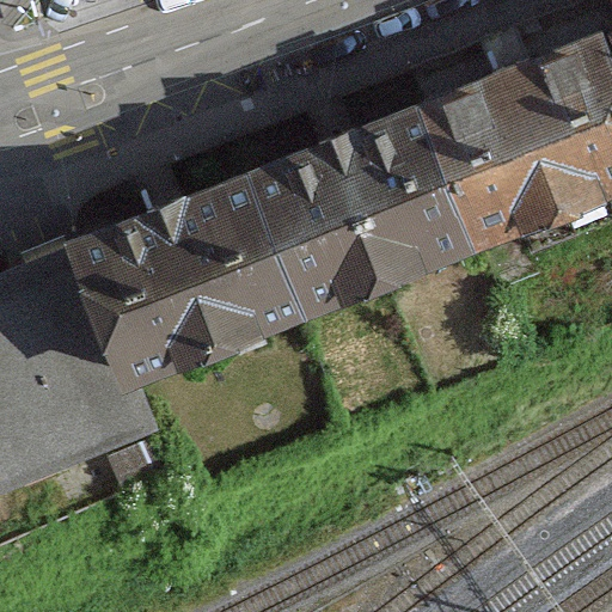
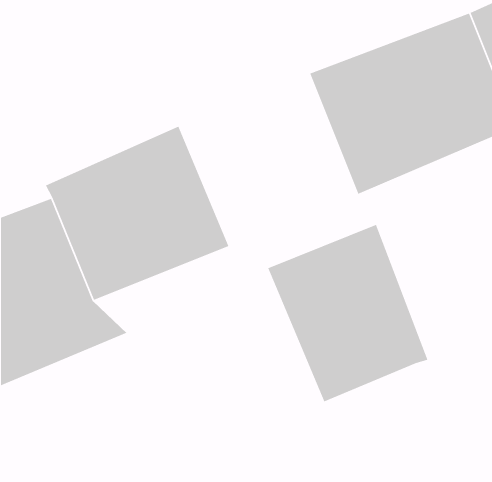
building: [226,109,446,322] -> none
building: none -> [267,224,429,403]

